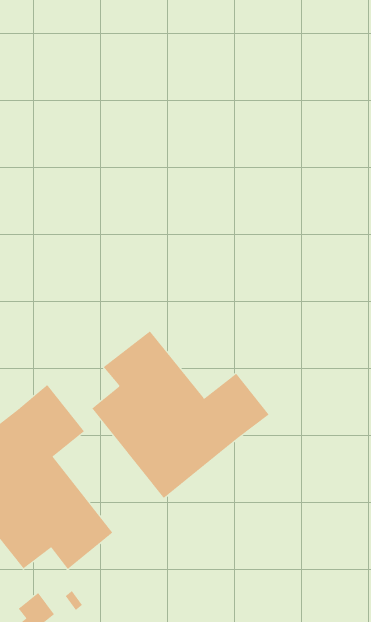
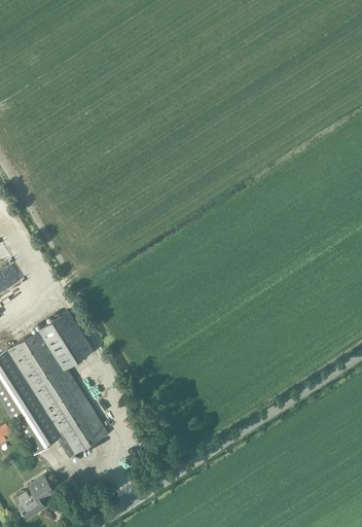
building: [92,330,270,499] -> none

